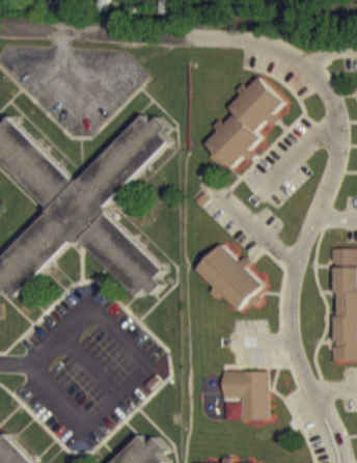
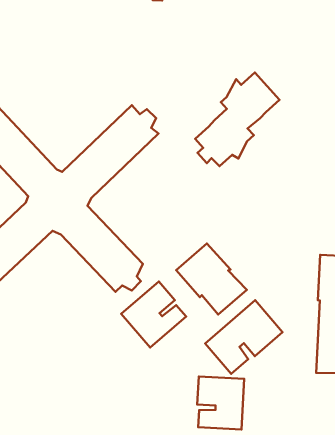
building: none -> [121,281,186,347]
building: none -> [205,300,283,374]

